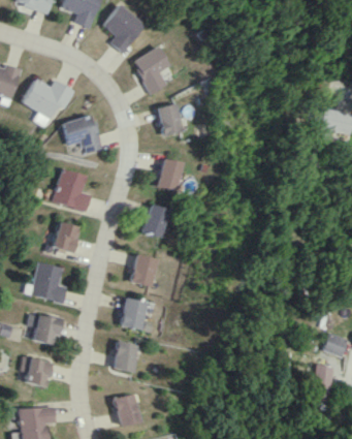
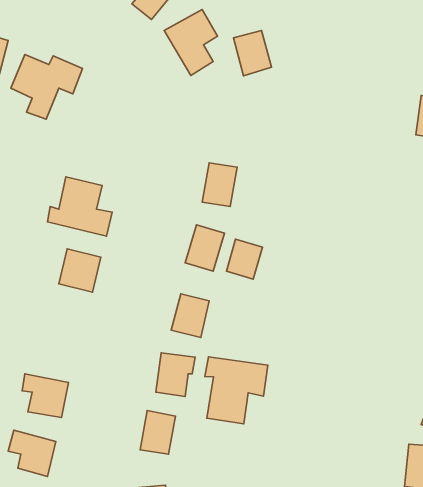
building: [156,103,184,136] -> [234,31,271,76]
building: [61,114,100,152] -> none
building: none -> [226,239,262,279]
building: [32,261,70,303] -> none
building: none -> [205,357,268,424]

